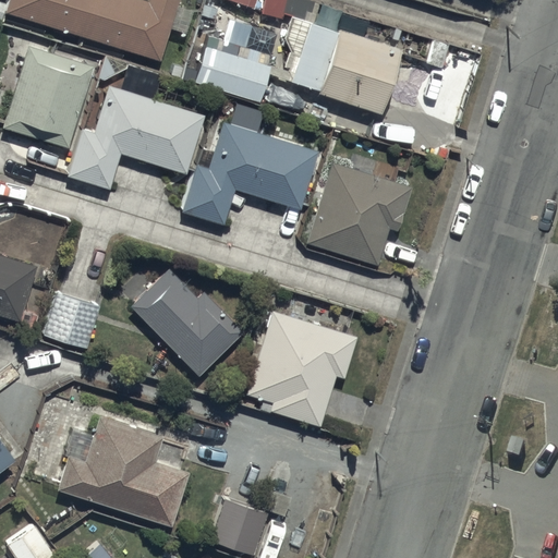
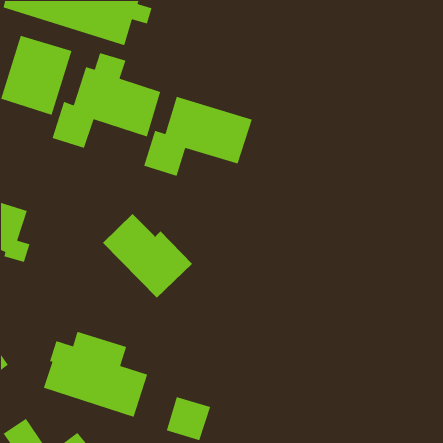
building: [284,15,401,112] -> none
building: [195,35,270,101] -> none
building: [306,155,411,266] -> none
building: [44,293,99,348] -> none
building: [247,312,356,425] -> none

